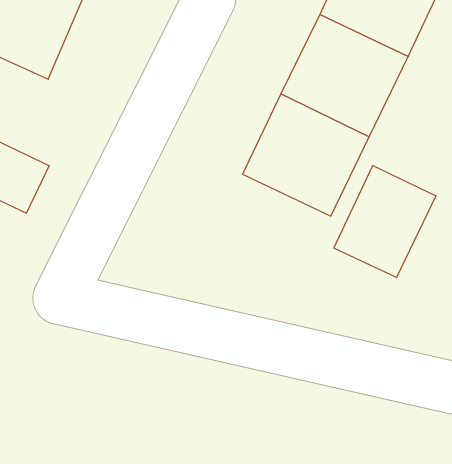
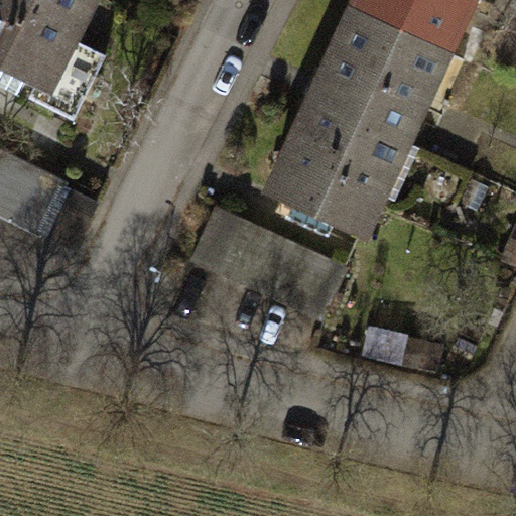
building: [334,166,436,278] -> none
building: none -> [178,210,336,329]

